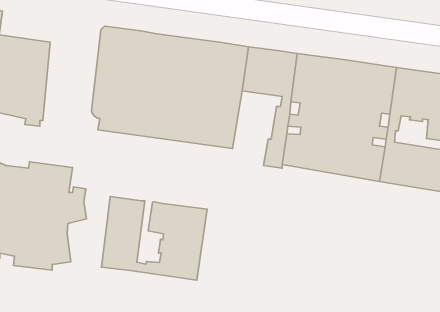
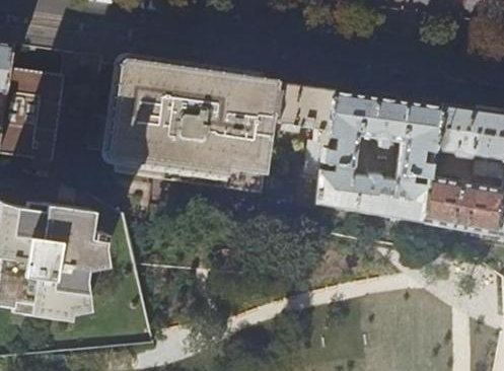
building: [102,196,207,280] -> none

